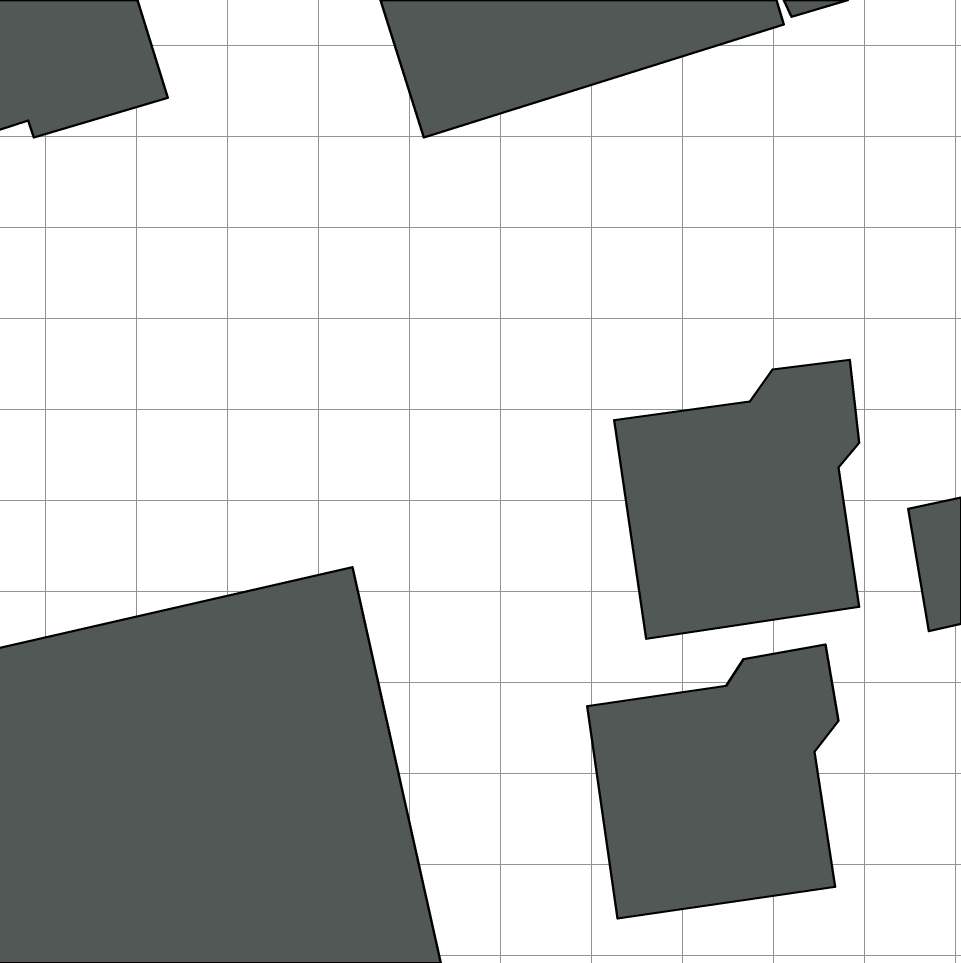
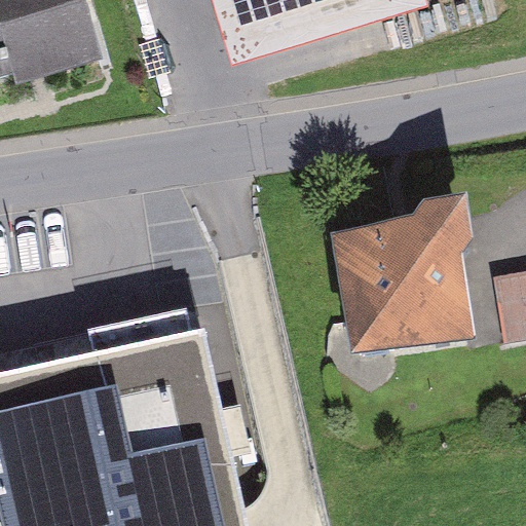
building: [587,644,839,919] -> none

